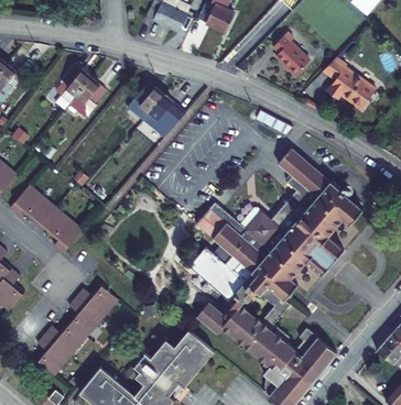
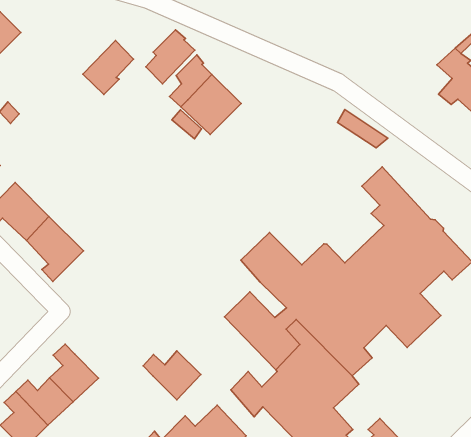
building: [272,32,310,74] -> none
building: [56,63,90,102] -> [146,30,195,84]
building: [76,284,118,319] -> [143,351,201,400]

